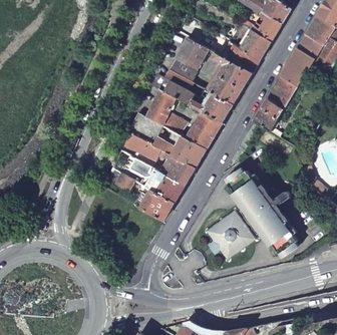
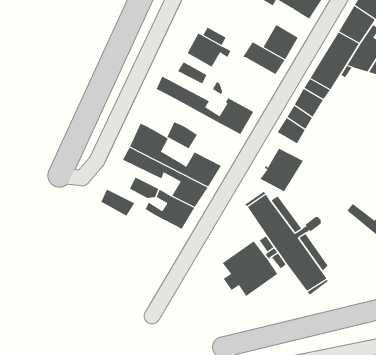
building: [241,17,279,41] -> none
building: [208,58,251,103] -> none
building: [145,88,174,124] -> none
building: [185,111,222,148] -> [259,148,304,192]
building: [122,190,173,220] -> none

